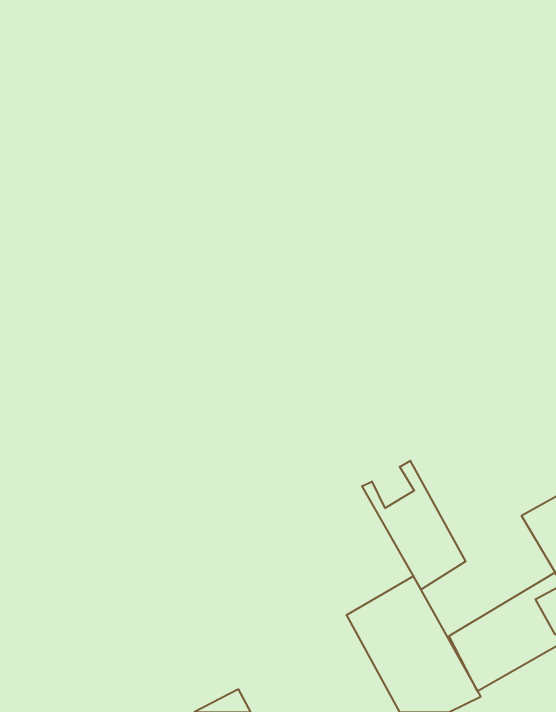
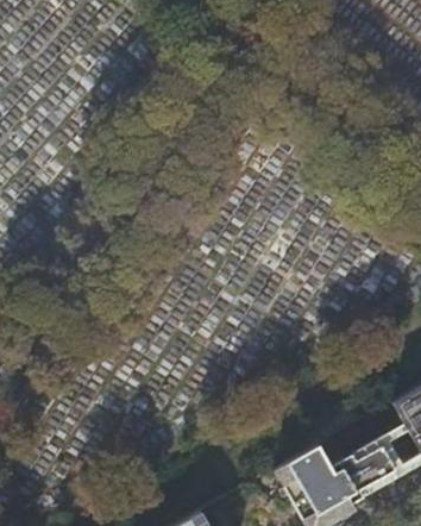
building: [362,461,465,590] -> none

